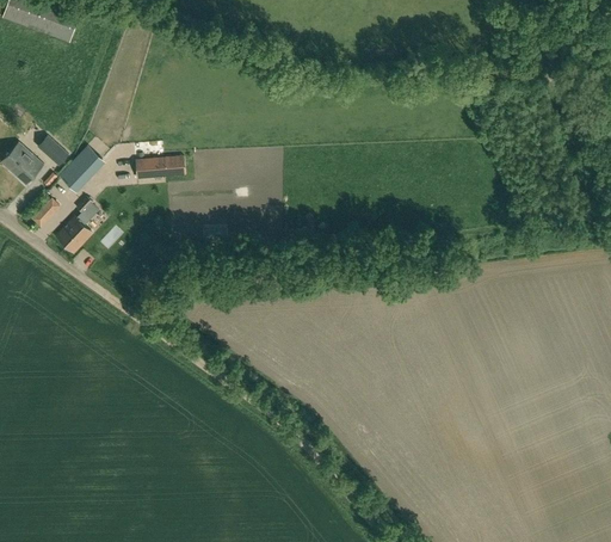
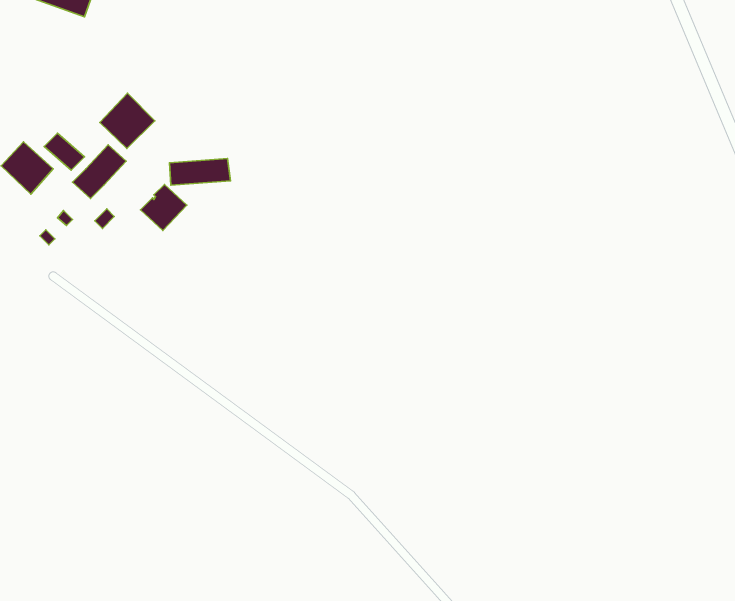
building: none -> [100,93,155,148]
building: [56,215,93,252] -> [141,184,187,231]

